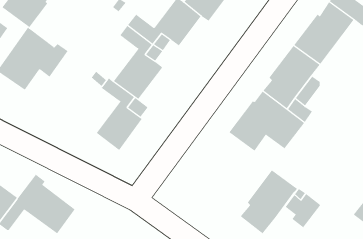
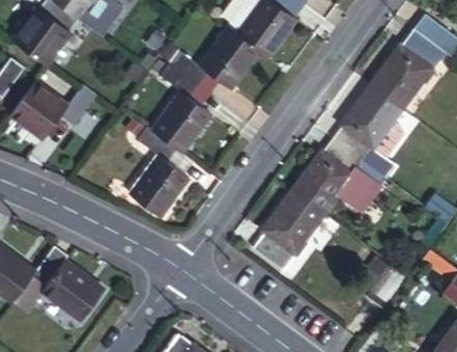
building: [240,169,298,234] -> [252,192,322,271]

